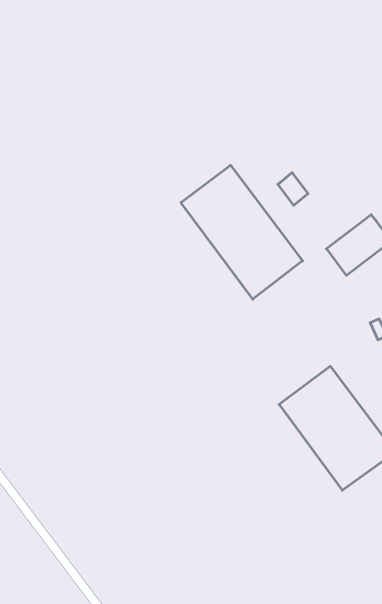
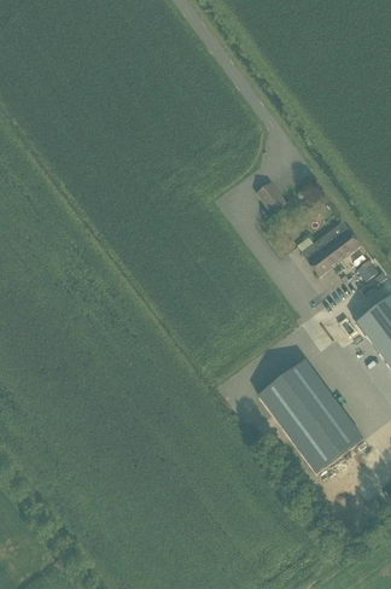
building: [181,165,303,299] -> none

